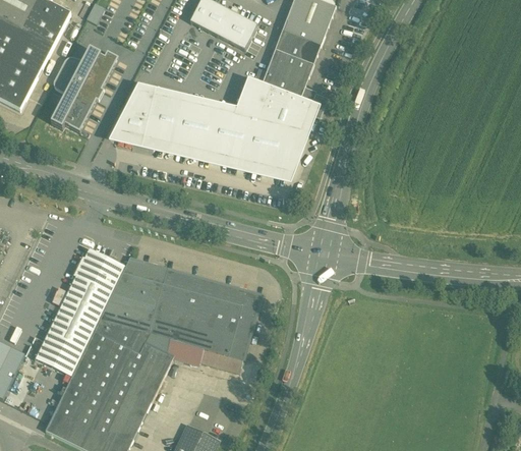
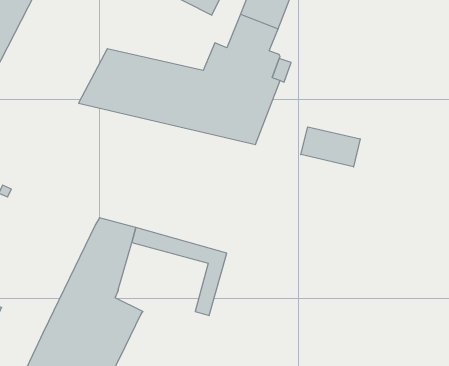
building: [51,47,118,130] -> none
building: none -> [301,127,360,167]
building: [35,247,125,376] -> none
building: [146,283,242,371] -> none

